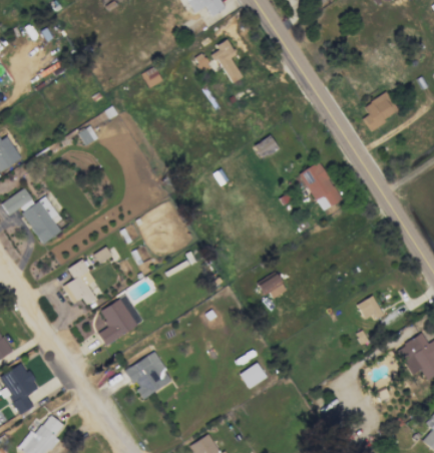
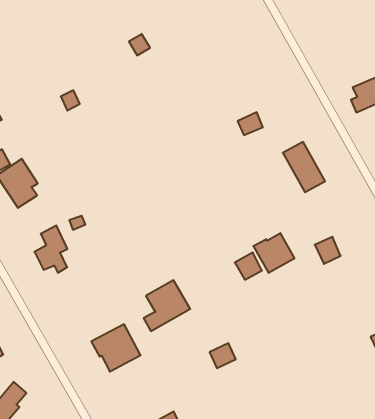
building: [213,38,242,83] -> none
building: none -> [253,233,294,273]
building: [98,294,143,345] -> [144,280,190,331]
building: [356,295,382,322] -> [315,237,341,264]

